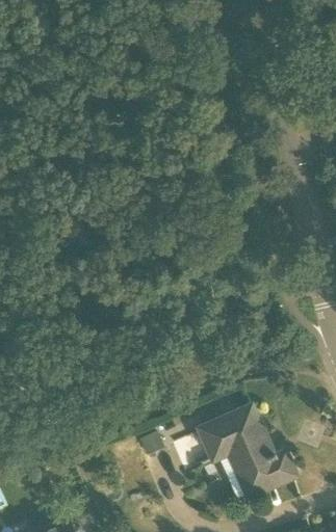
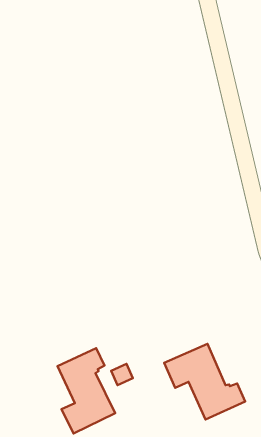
building: none -> [57,348,115,433]

